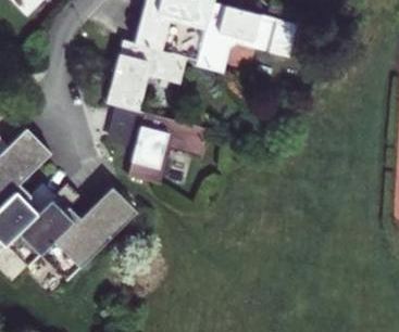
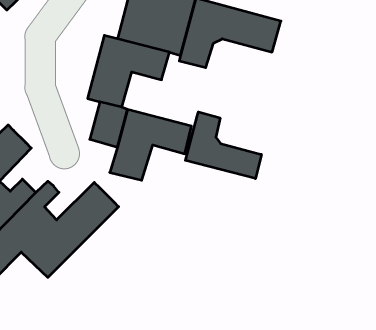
building: none -> [185,112,261,179]

